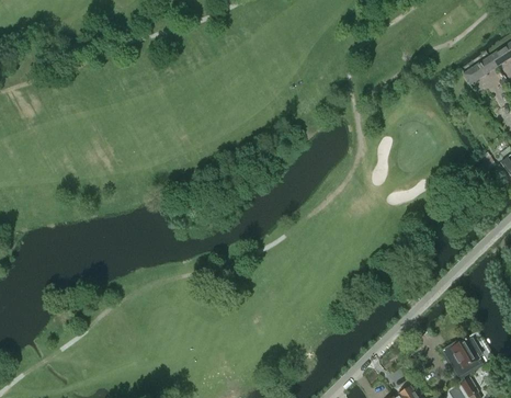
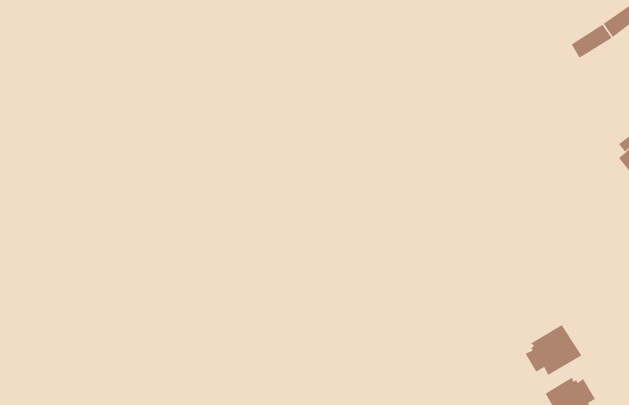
building: none -> [525,324,582,376]

